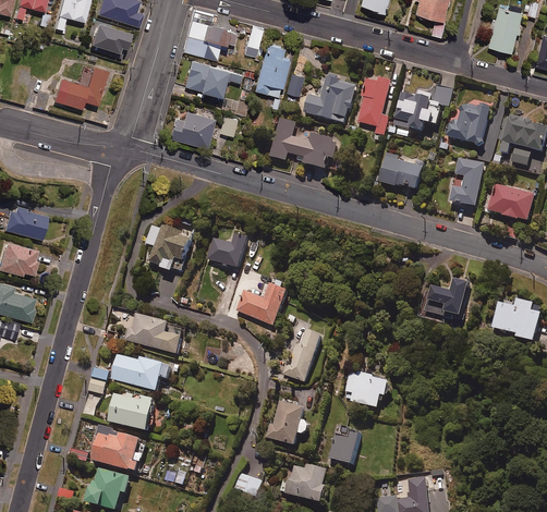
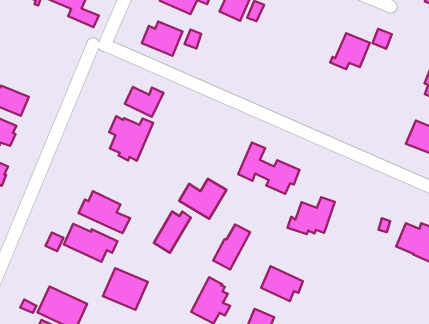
building: [304,73,357,122] -> none
building: [356,76,391,135] -> none
building: [447,102,491,145] -> none
building: [269,118,339,171] -> [238,143,300,194]
building: [379,151,425,191] -> none
building: [450,158,485,207] -> none
building: [206,234,248,268] -> [125,87,164,117]
building: [421,278,471,322] -> [288,197,335,234]
building: none -> [154,211,191,253]
building: [108,388,157,432] -> [103,268,148,310]

